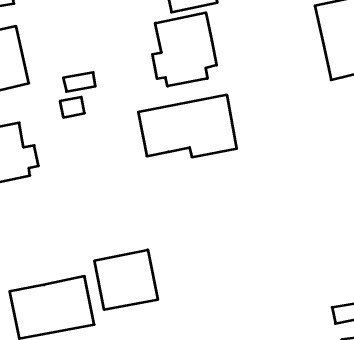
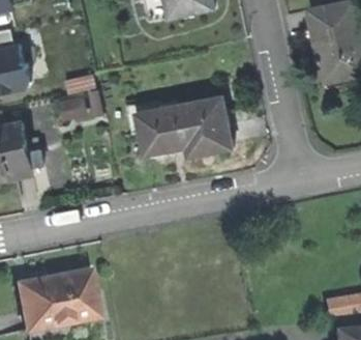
building: [152,13,217,86] -> none
building: [95,250,158,310] -> none

